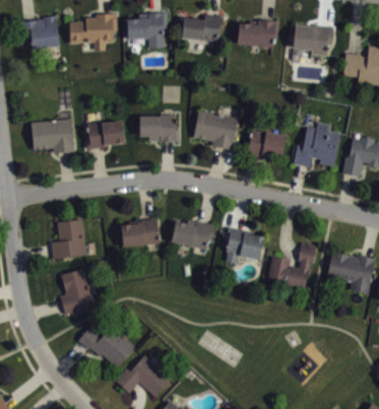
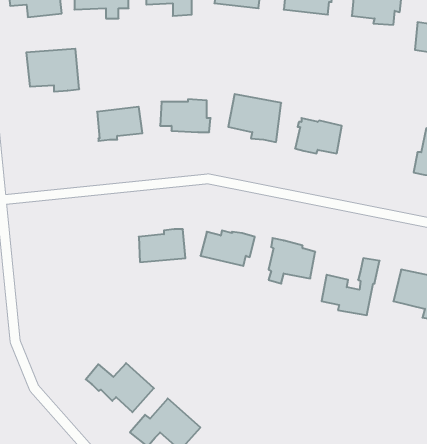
building: [30,119,73,153] -> [26,49,79,92]
building: [293,123,340,166] -> none
building: [51,219,85,259] -> none
building: [60,269,91,314] -> none

